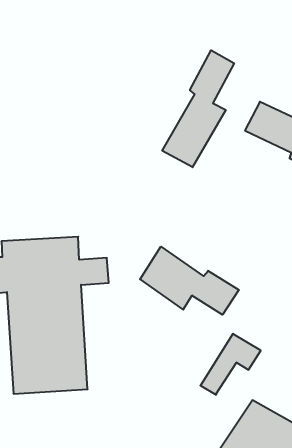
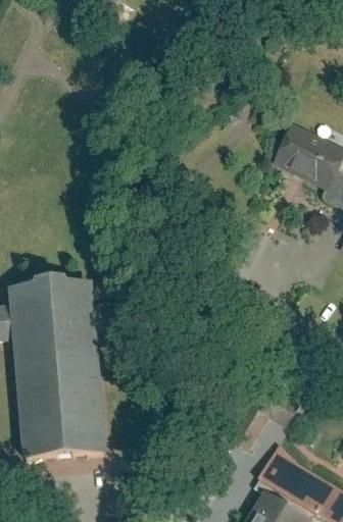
building: [162,50,234,167] -> none
building: [140,247,239,315] -> none

